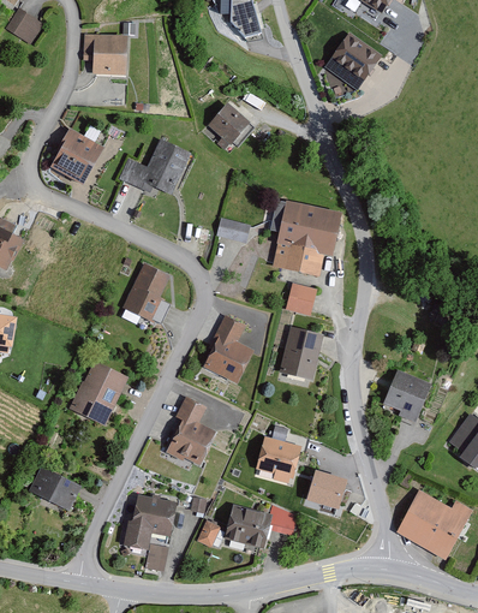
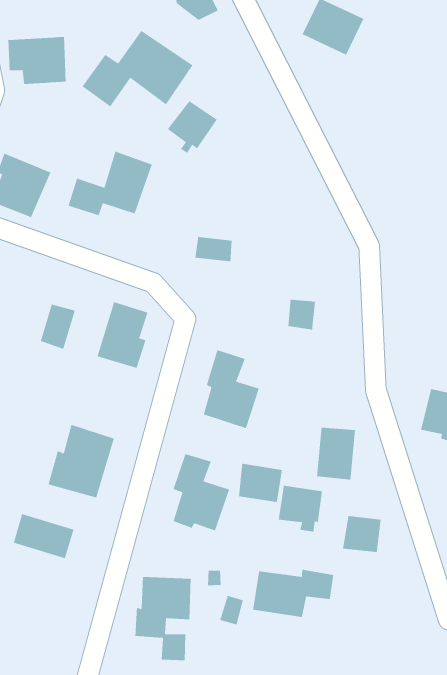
building: none -> [82,30,193,107]
building: [270,201,346,275] -> none
building: none -> [40,303,76,350]
building: [280,326,318,374] -> [316,427,356,481]
building: none -> [238,463,283,503]
building: [29,466,82,510] -> [13,513,74,559]

